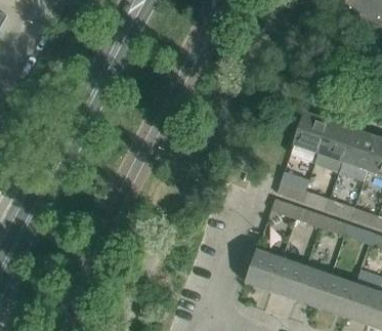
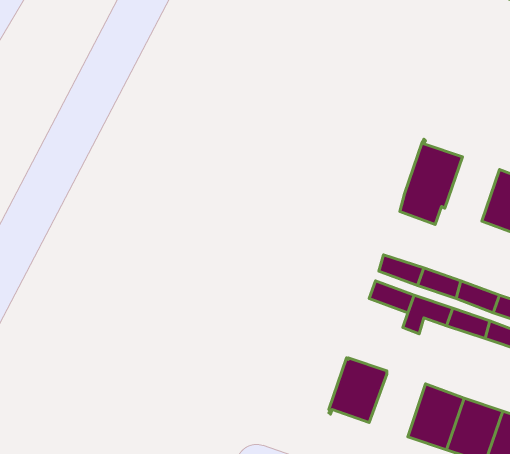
building: [320,121,354,162] -> none
building: [271,257,307,299] -> none

